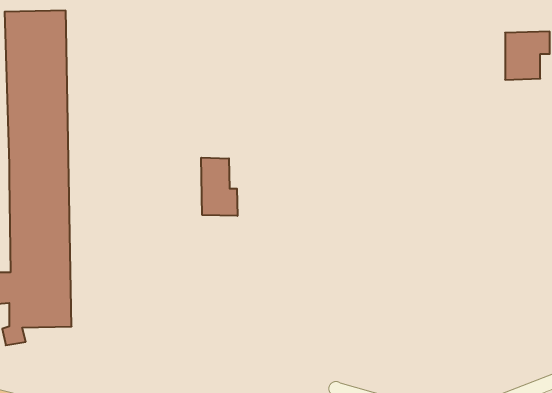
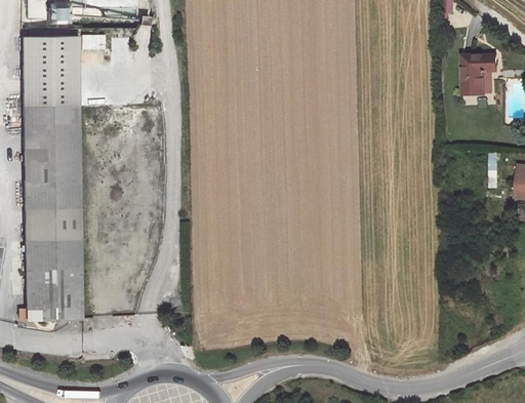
building: [201,158,237,216] -> none

